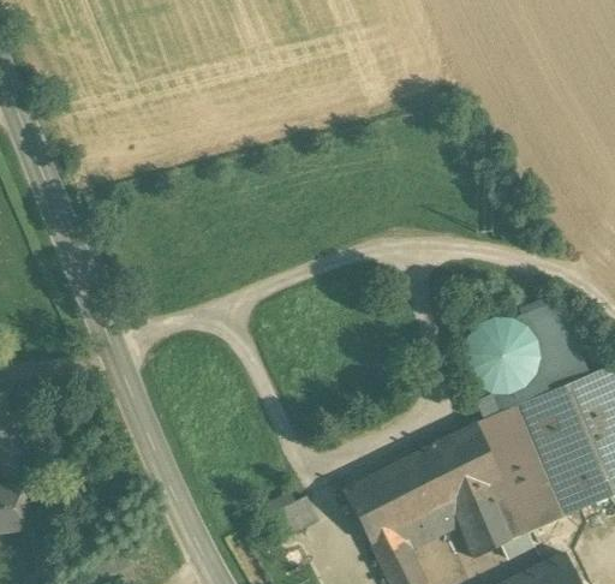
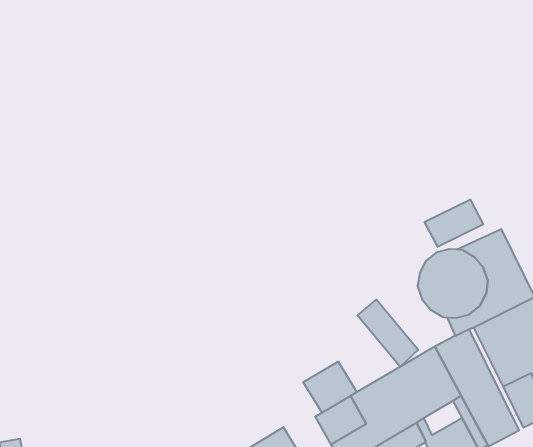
building: none -> [425,199,483,247]
building: none -> [358,300,418,367]
building: none -> [303,362,357,413]
building: [459,483,500,518] -> none

